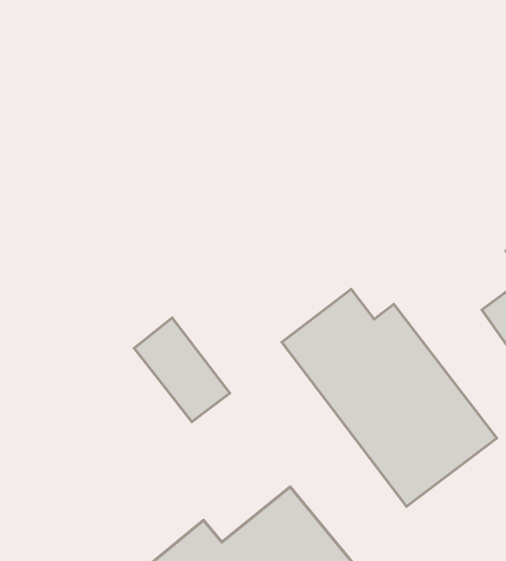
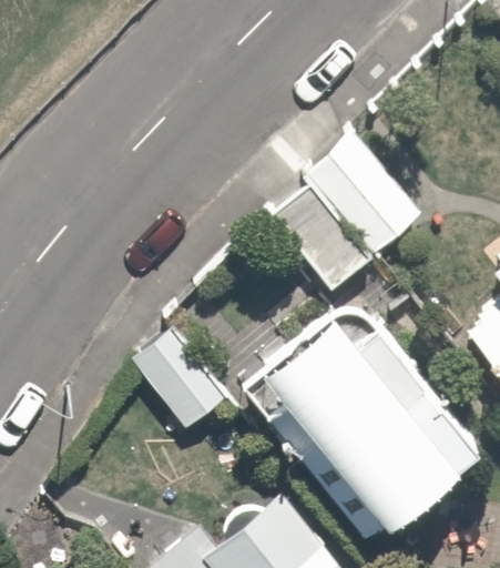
building: none -> [267,129,424,295]

